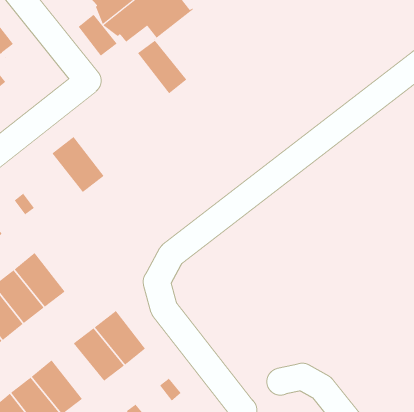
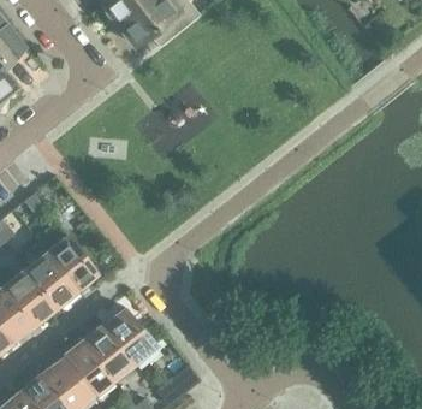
building: [78,14,117,56] -> none
building: [137,40,187,94] -> none
building: [52,136,105,193] -> [47,235,99,290]
building: none -> [64,340,114,395]

